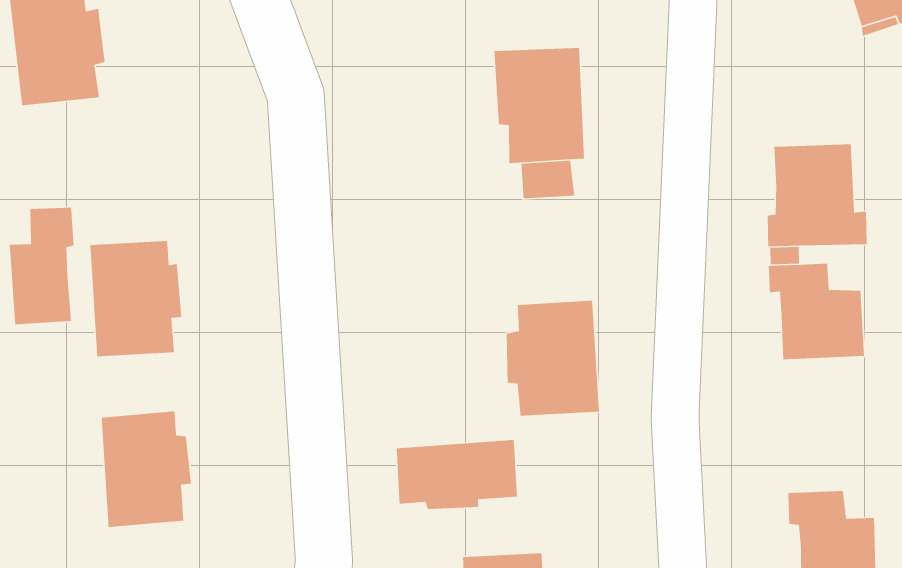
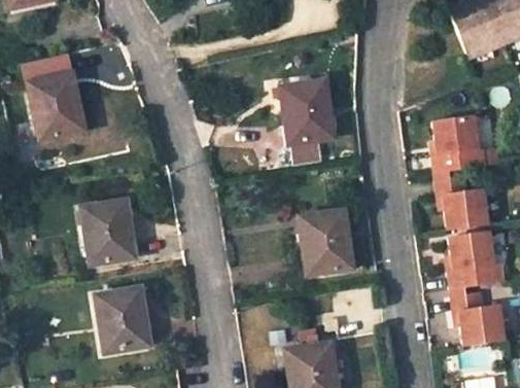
building: [9,207,75,325] -> none
building: none -> [448,239,498,290]
building: [396,439,518,510] -> none

